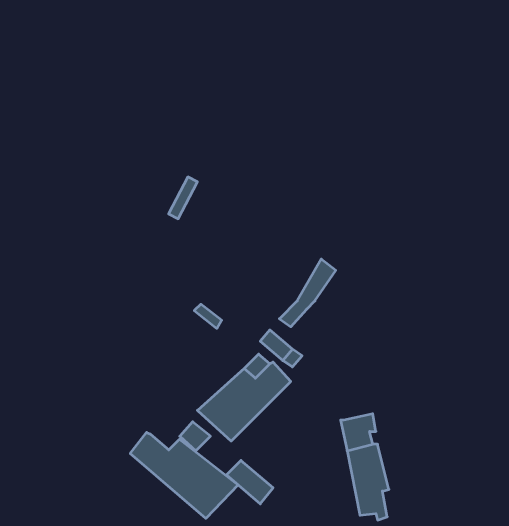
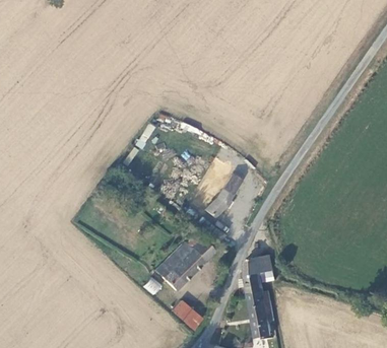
building: none -> [245,256,273,276]
building: [130,432,238,518] -> none

